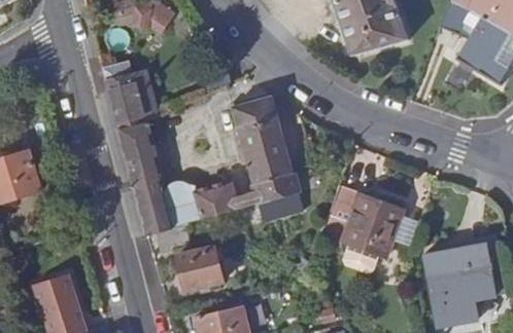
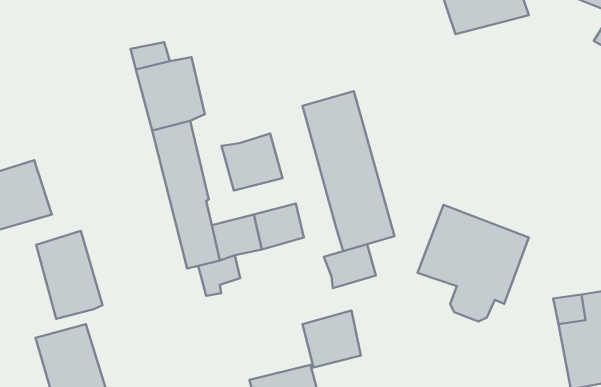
building: none -> [221,134,282,191]
building: none -> [36,231,103,319]
building: none -> [324,244,376,288]
building: [176,247,220,290] -> [303,311,361,368]

